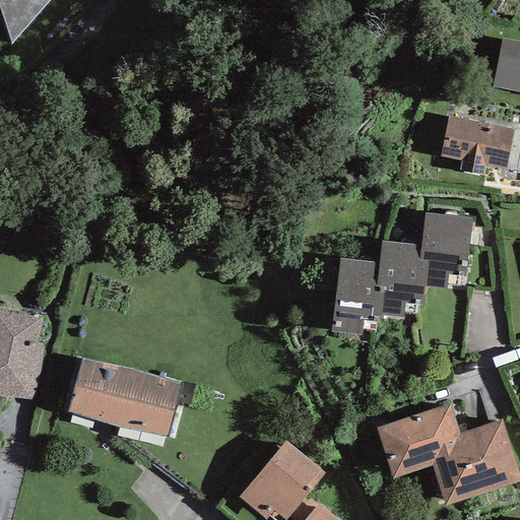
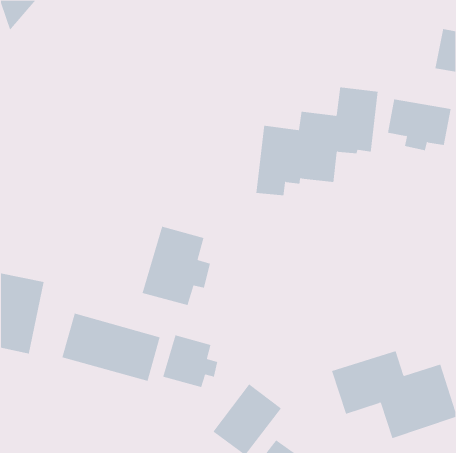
building: [330,212,470,336] -> [255,87,379,196]
building: none -> [142,226,211,306]
building: none -> [162,335,218,388]

